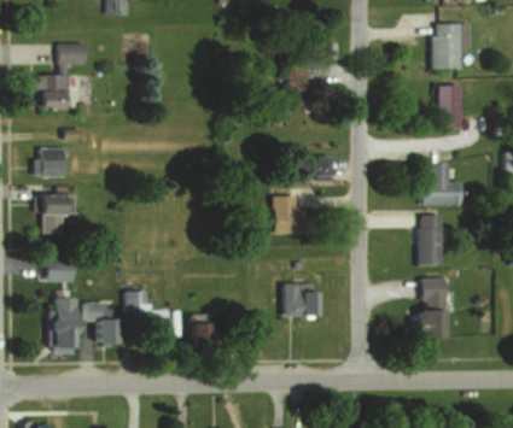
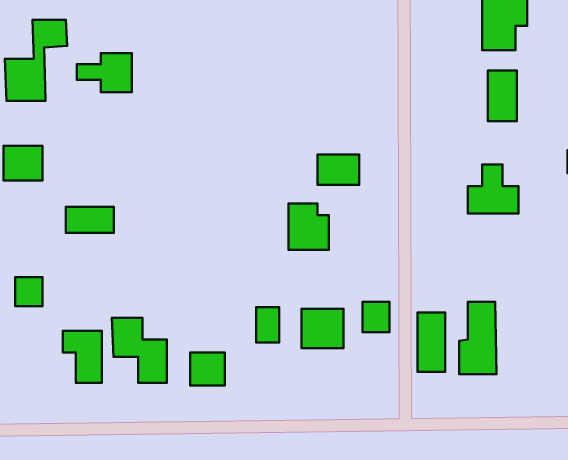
building: none -> [77,53,132,92]
building: [37,194,77,216] -> [66,207,114,233]
building: [421,216,444,265] -> [418,313,445,372]
building: none -> [363,302,389,332]
building: none -> [256,307,279,343]
building: [51,298,75,353] -> none

